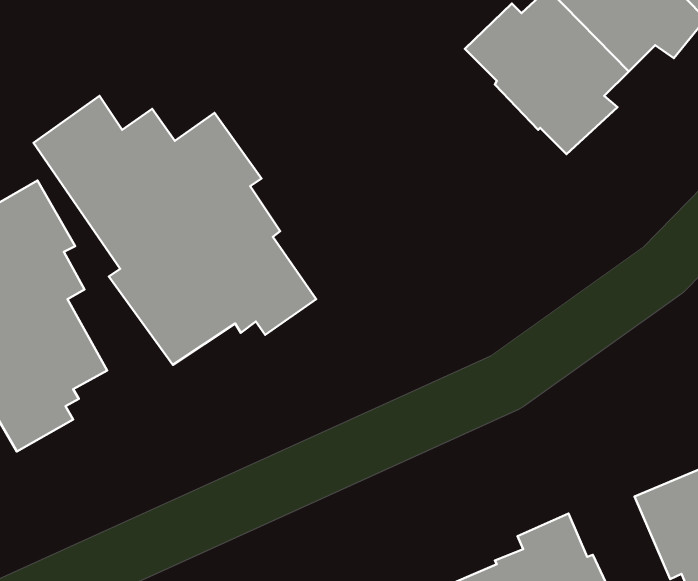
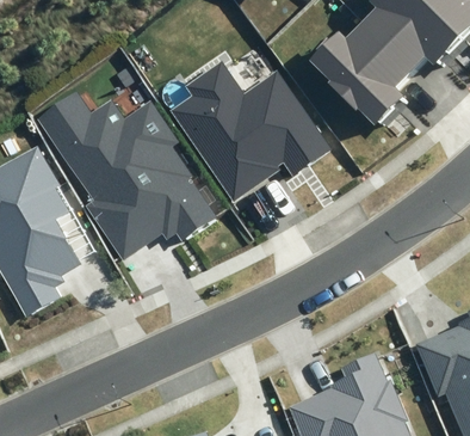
building: none -> [172,62,330,202]

